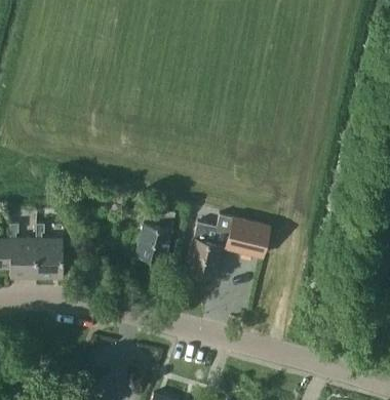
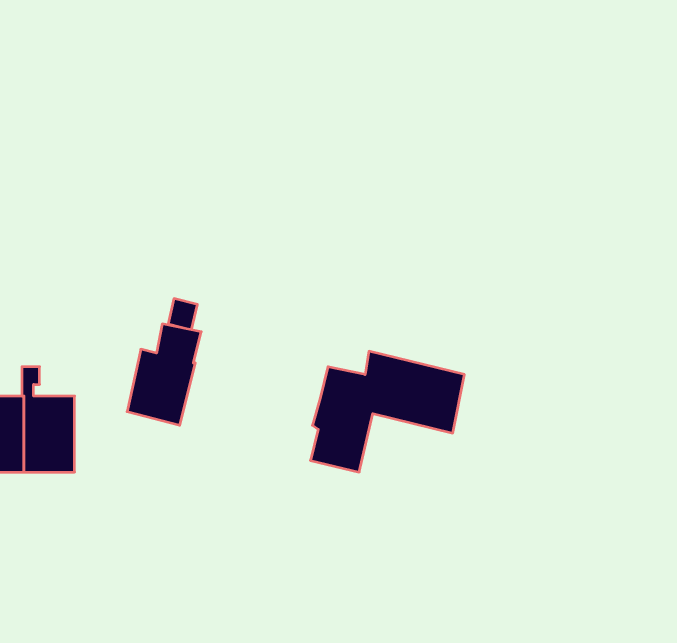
building: [137,208,176,262] -> [127,324,201,425]

